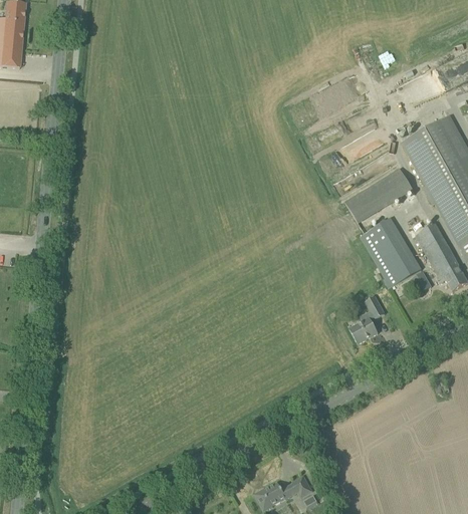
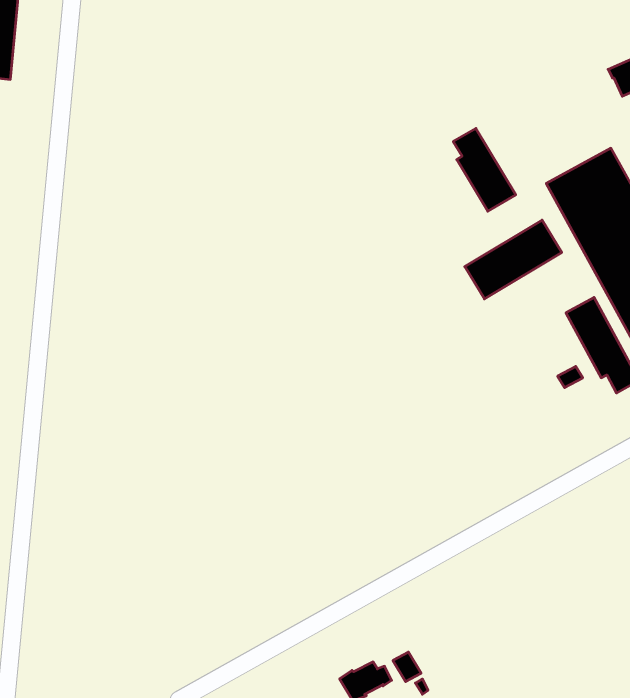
building: none -> [453,128,516,211]
building: [359,217,421,288] -> none
building: [348,295,385,342] -> none

